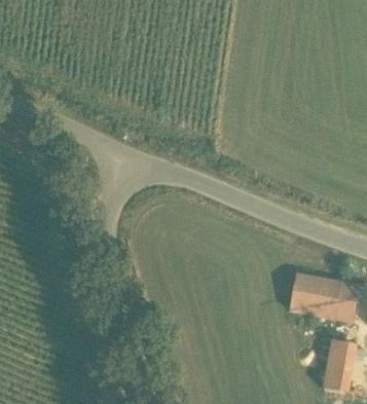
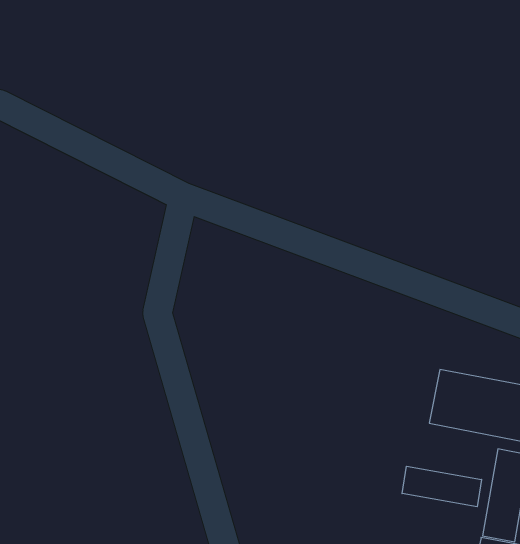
building: none -> [402,466,482,507]

